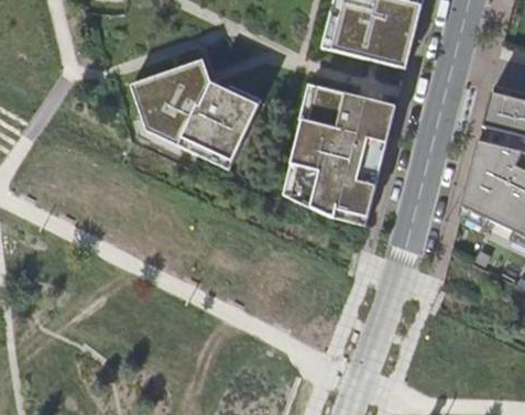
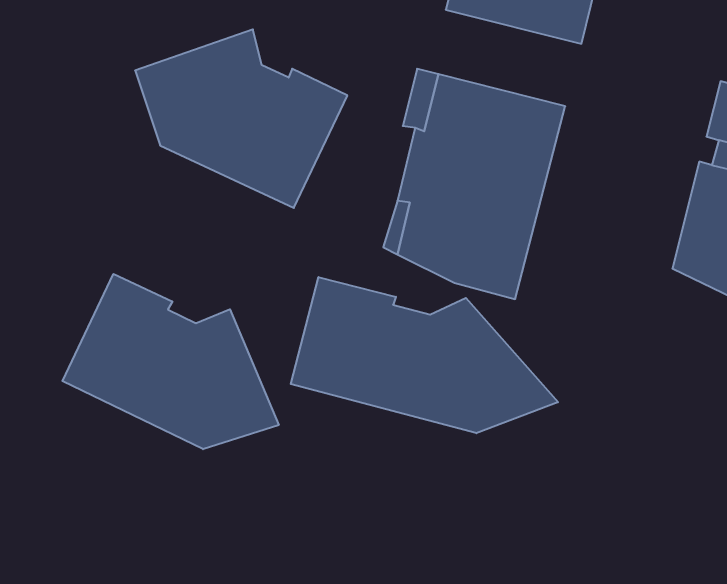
building: none -> [62,274,279,449]
building: none -> [291,277,558,433]

